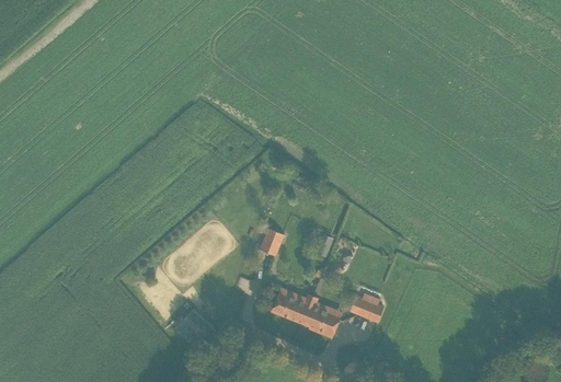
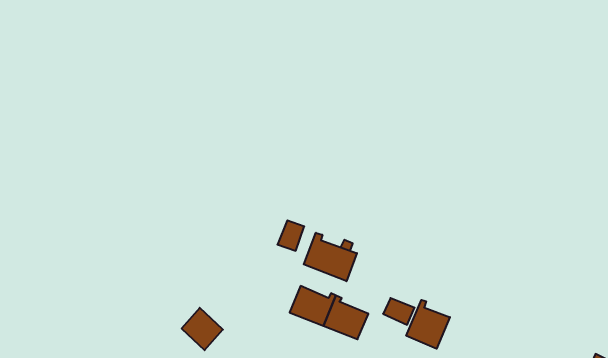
building: none -> [304,233,357,281]
building: none -> [406,300,450,349]

